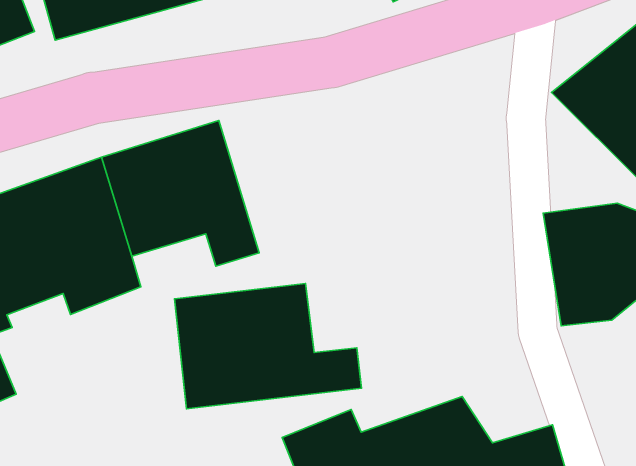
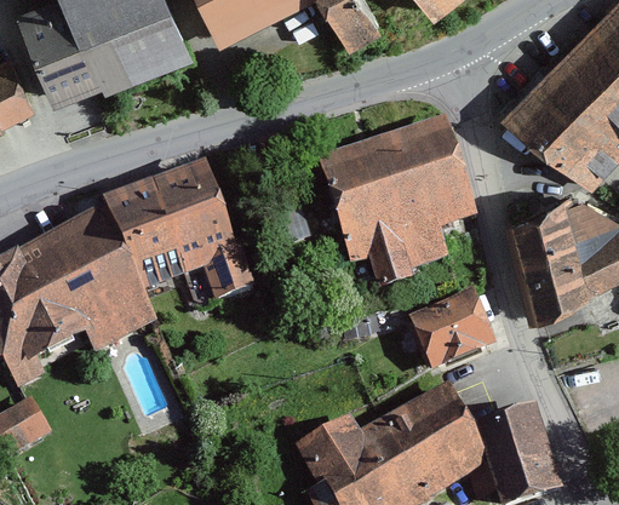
building: none -> [315,113,482,285]
building: [175,284,362,409] -> none
building: none -> [411,293,499,373]

